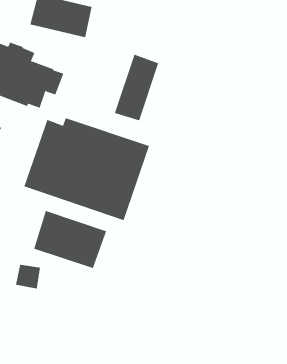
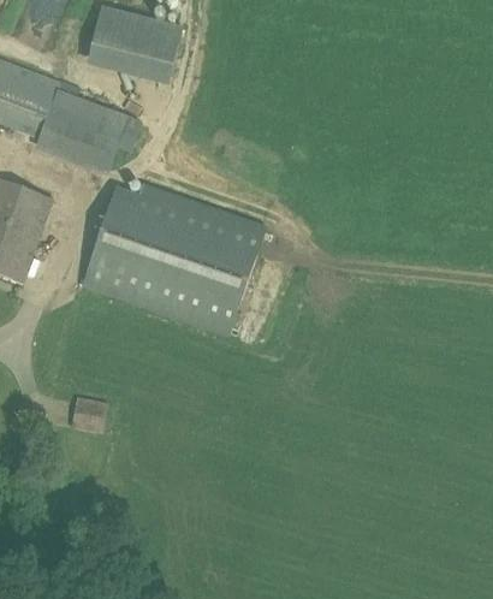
building: [114,54,159,121] -> none
building: [34,210,107,269] -> none

